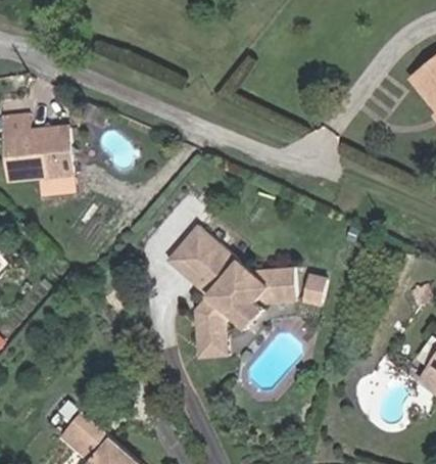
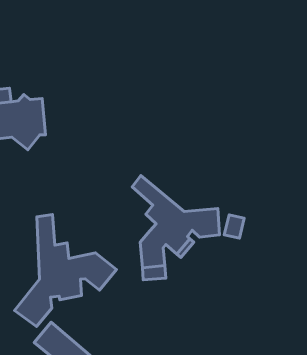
building: [166,239,215,295] -> none
building: none -> [14,214,116,327]

